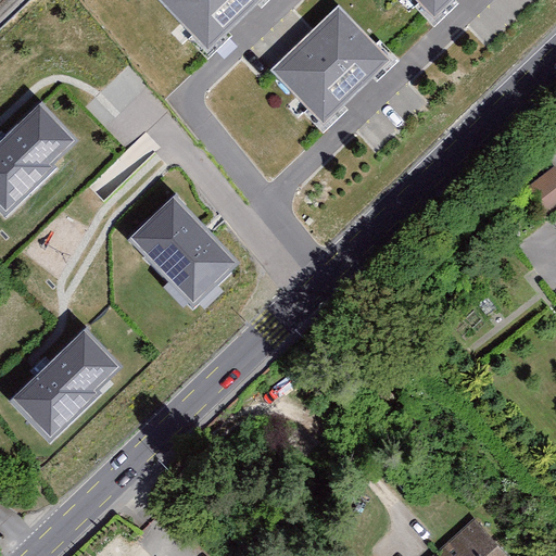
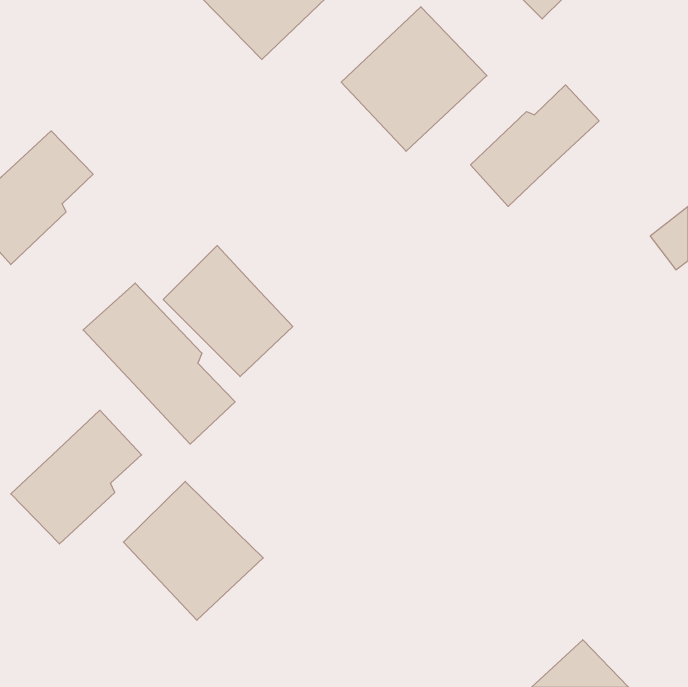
building: none -> [471,85,599,206]
building: none -> [83,283,235,444]
building: none -> [123,481,263,620]

